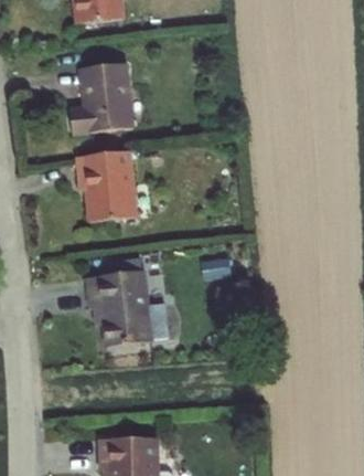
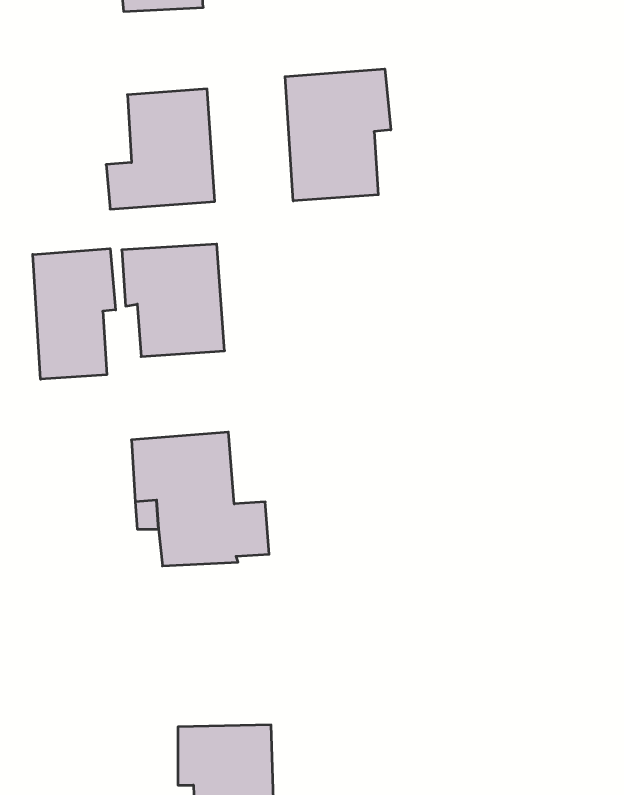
building: none -> [285,69,391,201]
building: none -> [33,249,116,379]

